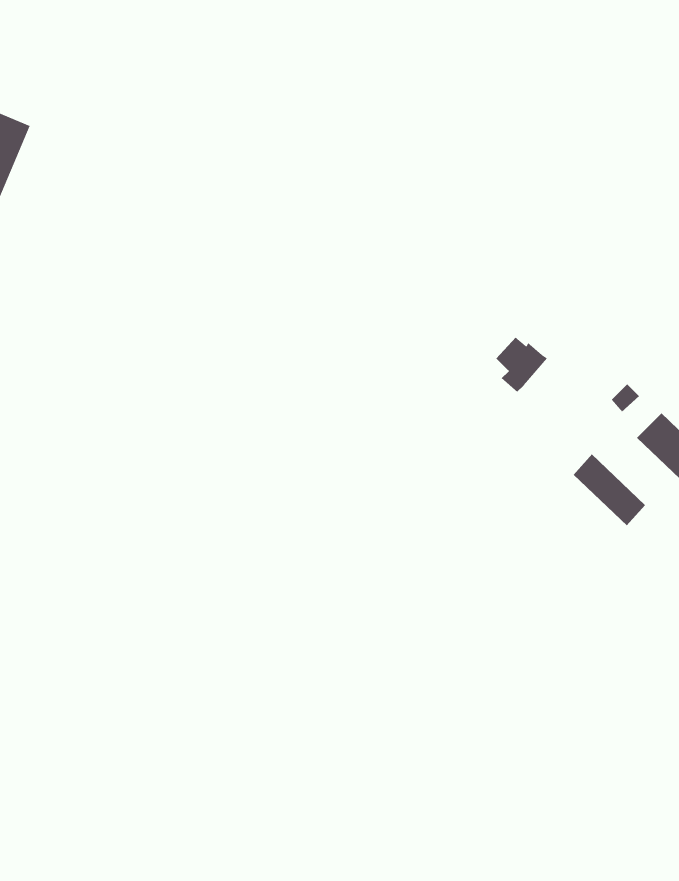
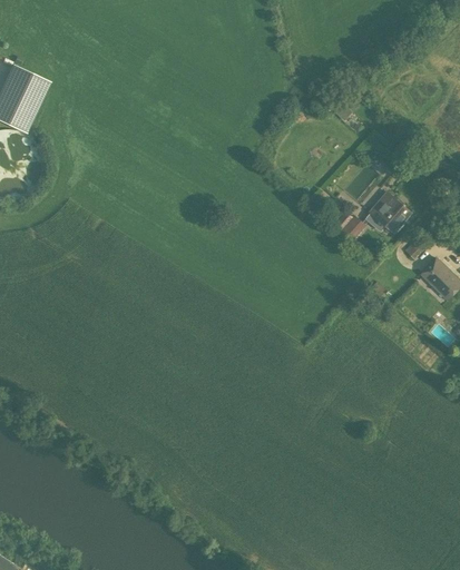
building: none -> [370,193,411,234]
building: [573,454,646,526] -> none

